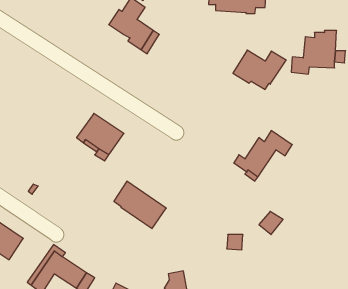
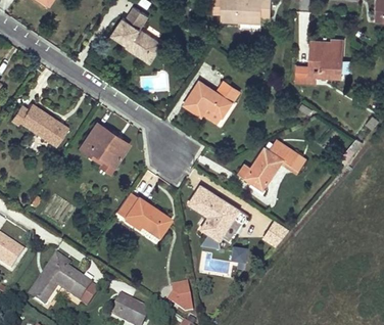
building: [233,50,286,89] -> [185,81,239,121]
building: none -> [11,103,68,144]
building: none -> [189,185,239,239]

